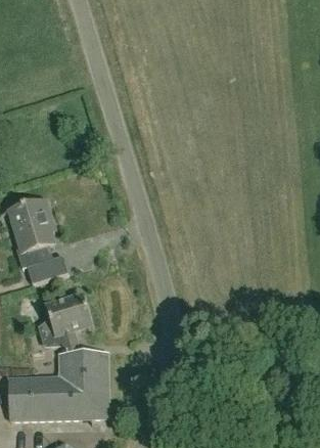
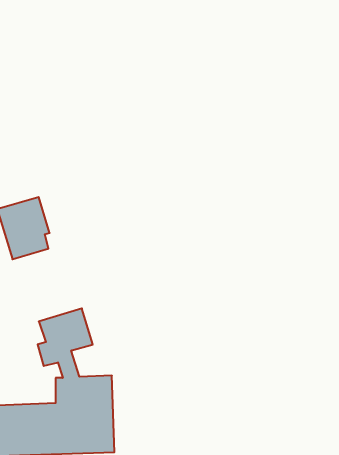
building: [26,256,66,283] -> none

